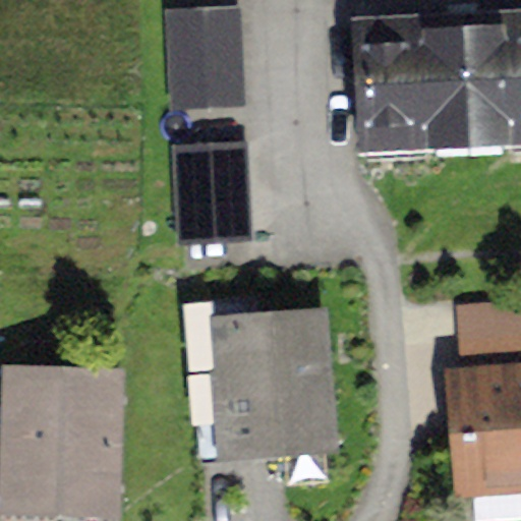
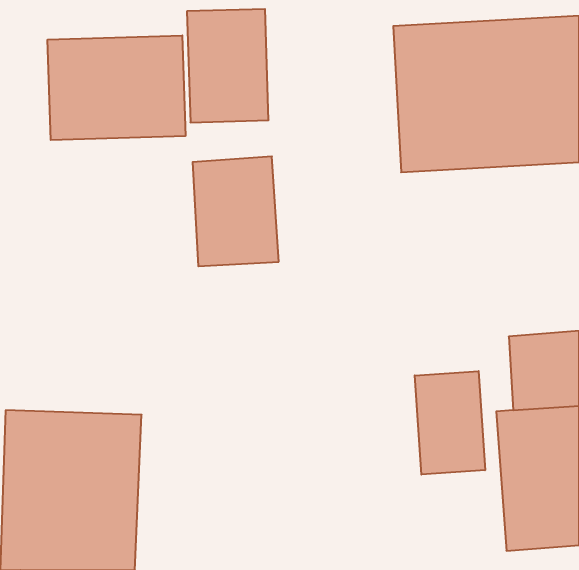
building: none -> [48,35,185,140]
building: [188,294,338,461] -> none
building: none -> [415,371,485,475]

